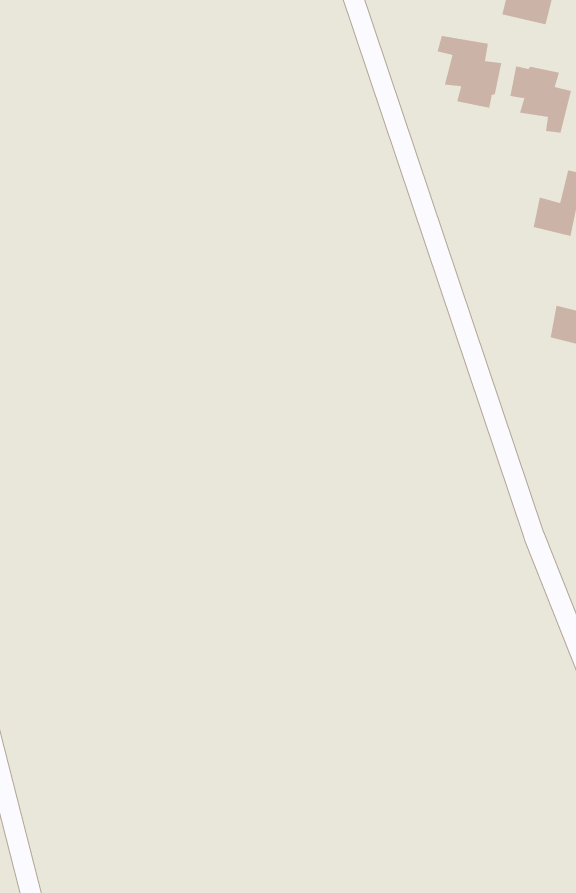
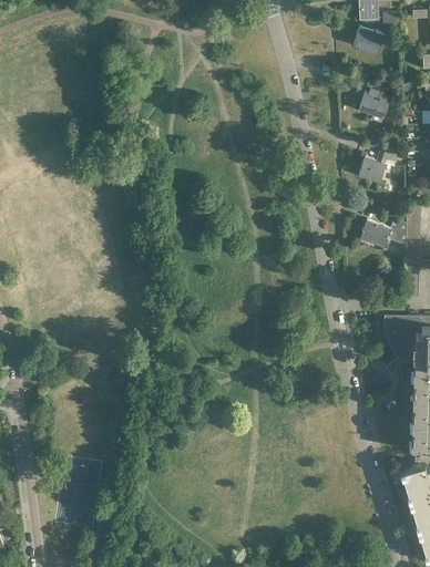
building: [437,35,502,108] -> none

